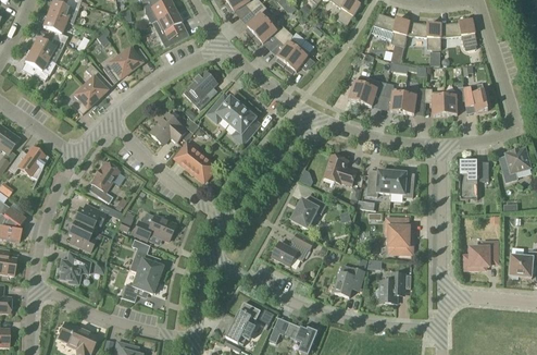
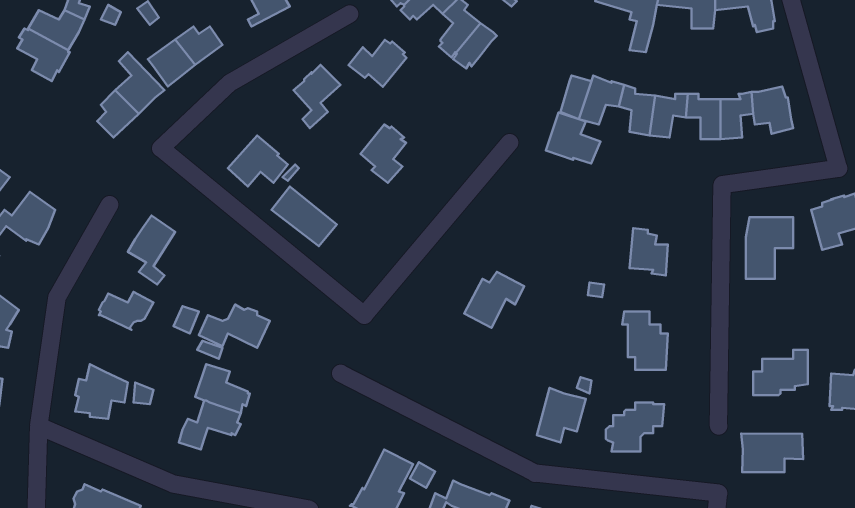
building: [209,96,243,124] -> [348,40,407,87]
building: [324,155,357,185] -> [546,113,600,163]
building: [367,169,392,196] -> none
building: [68,221,93,252] -> none
building: [272,233,314,267] -> none
building: none -> [741,433,803,472]

